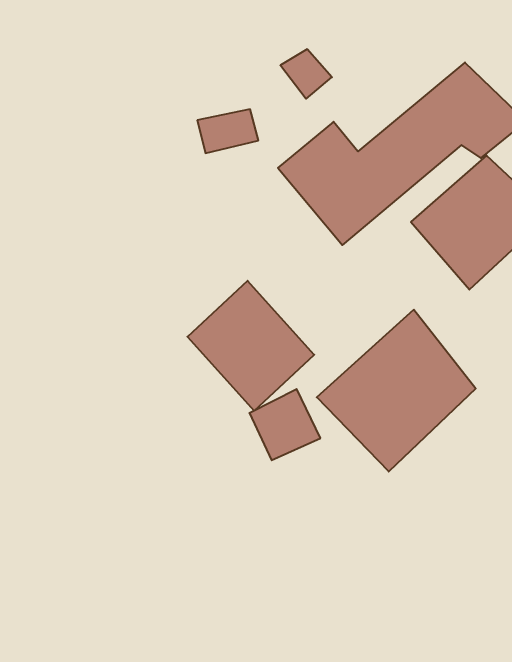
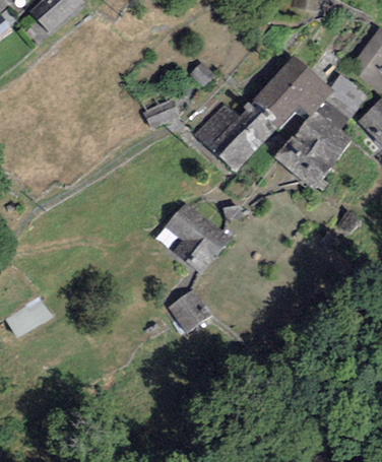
building: [317,310,476,472] -> none
building: [249,389,320,460] -> [169,287,211,330]

